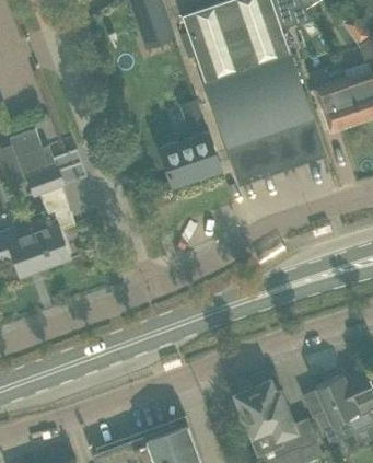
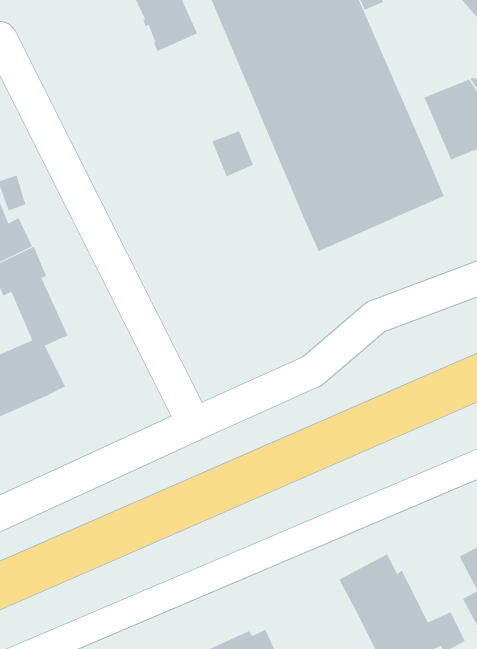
building: [160,132,221,186] -> none

